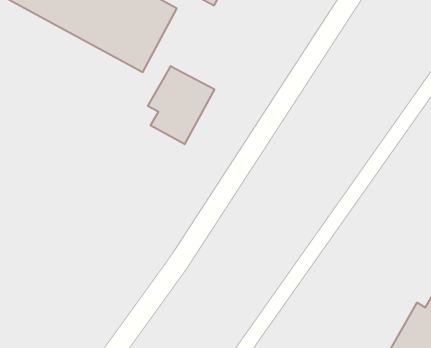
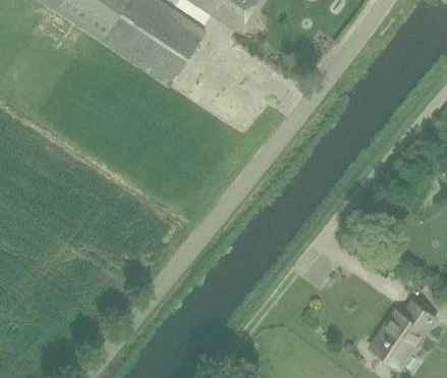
building: [148,66,214,144] -> none

